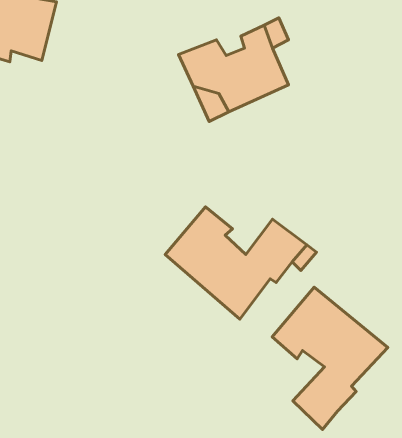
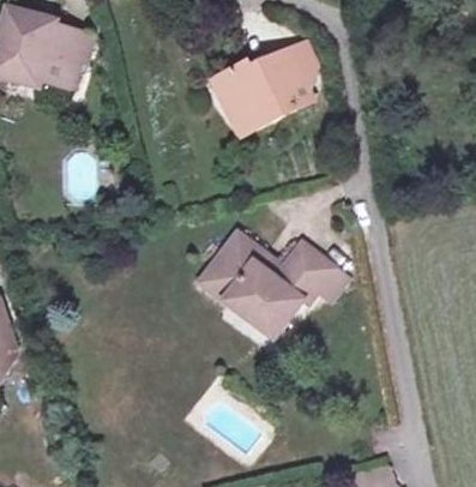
building: [272,287,388,429] -> none

